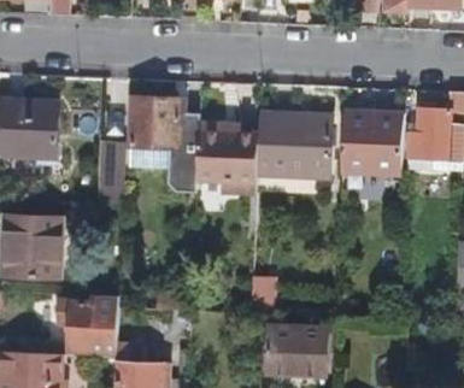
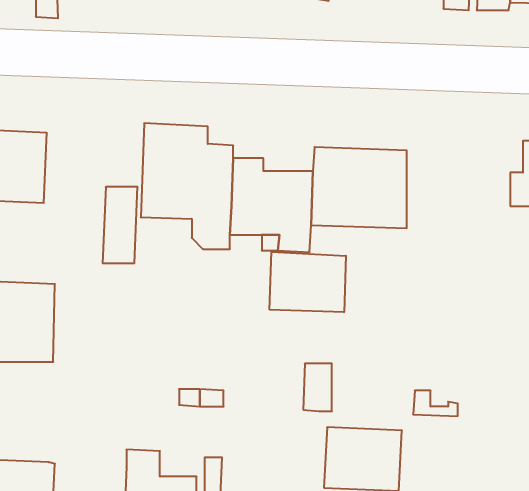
building: [340,112,403,175] -> none
building: none -> [270,252,346,312]
building: [57,295,119,357] -> none

